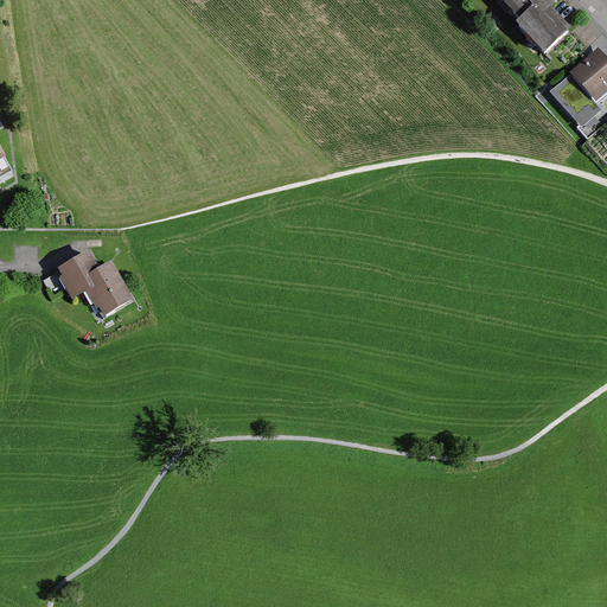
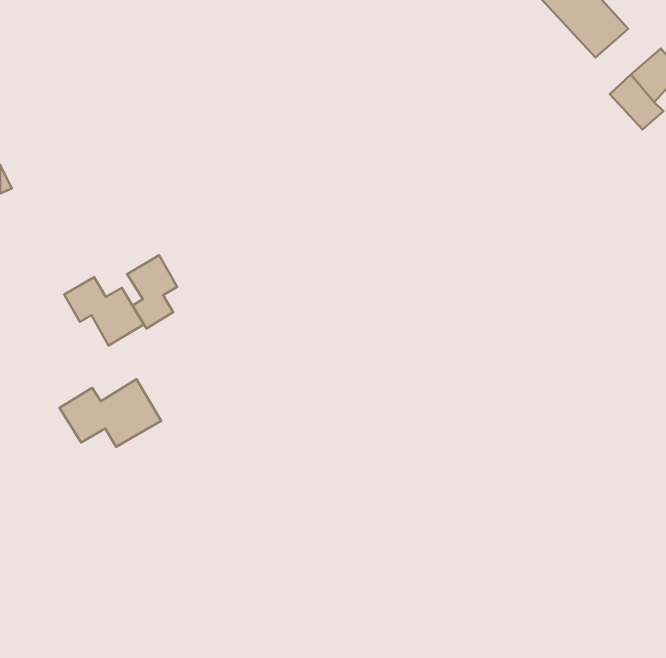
building: none -> [127,255,177,329]
building: none -> [60,379,161,447]

